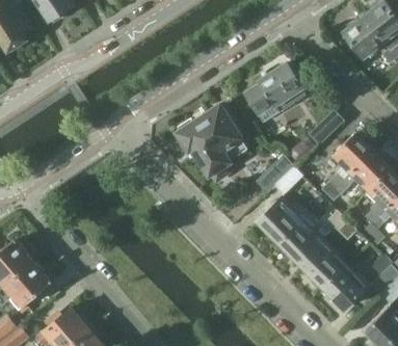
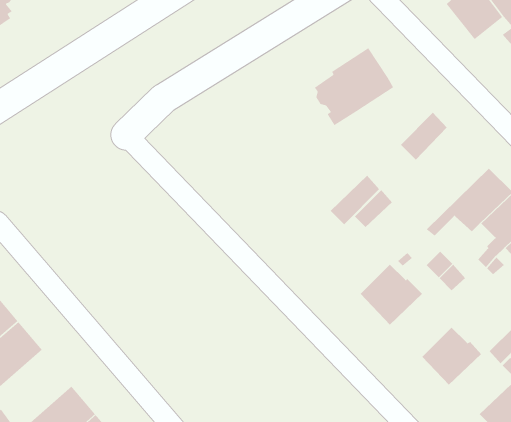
building: [179,106,247,182] -> none
building: [321,132,373,195] -> none
building: [259,198,301,242] -> none
building: [301,242,346,288] -> none

